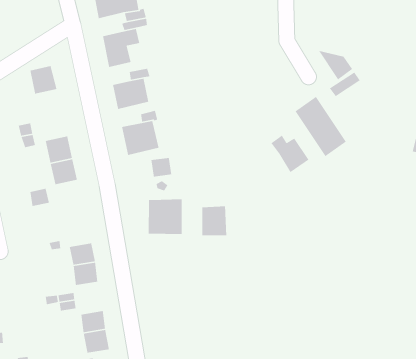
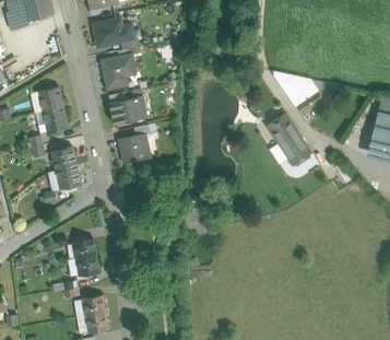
building: none -> [43,107,67,132]
building: [271,134,309,173] -> none
building: [148,198,182,235] -> none

